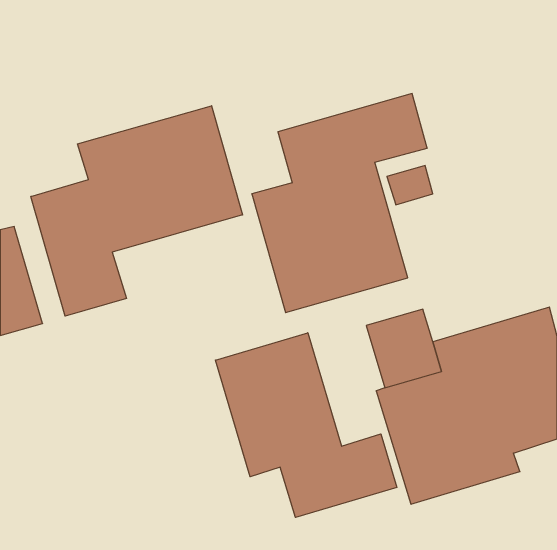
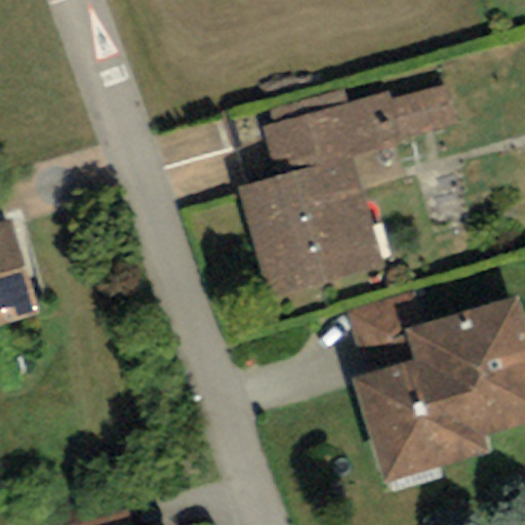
building: [31,106,243,316] -> none
building: [215,333,397,517] -> none

